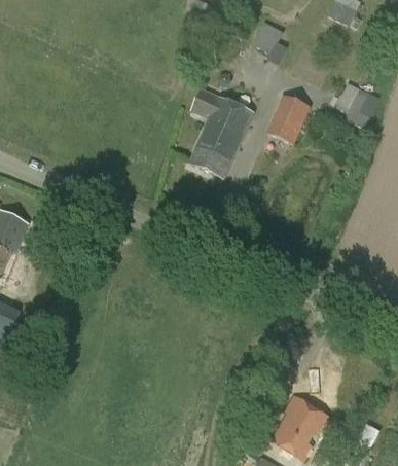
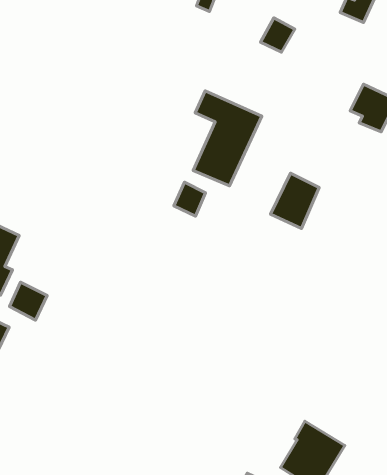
building: [265,94,311,145] -> [271,173,319,228]
building: none -> [174,182,205,216]
building: none -> [10,282,47,320]

